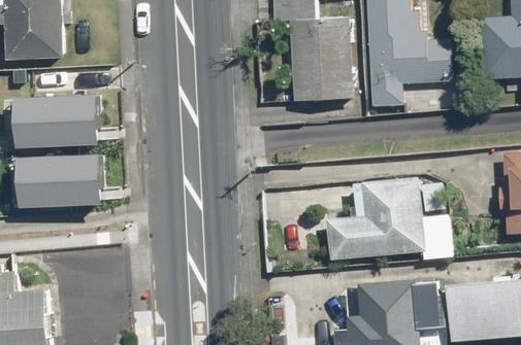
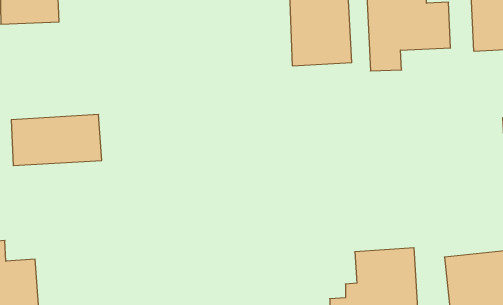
building: [13,90,103,141] -> none
building: [326,175,453,260] -> none

